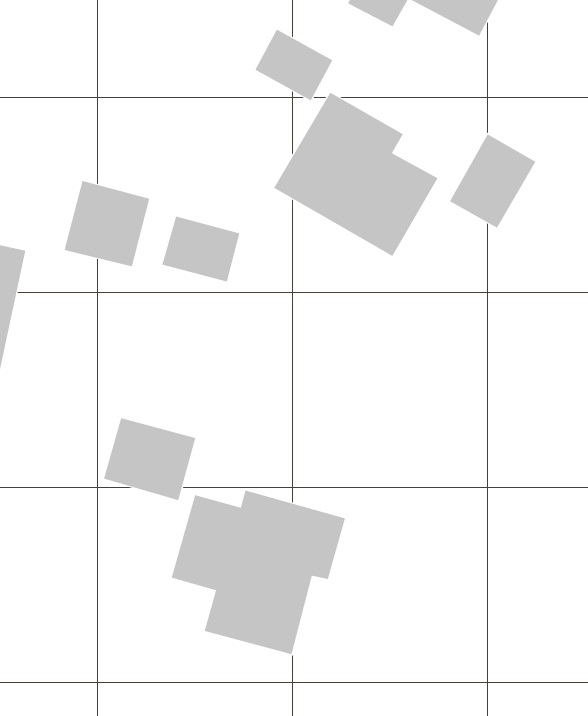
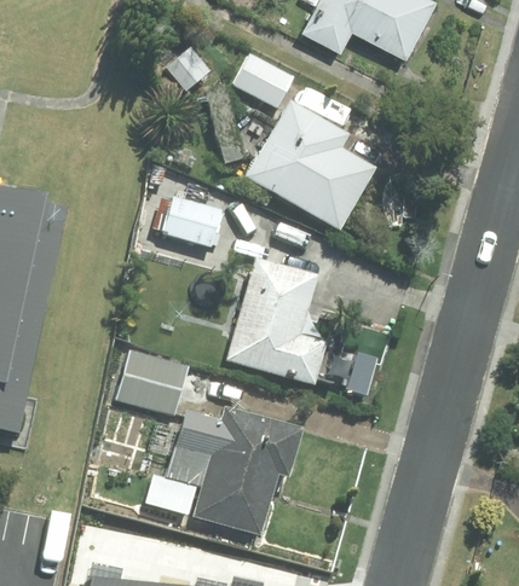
building: [449,133,536,229] -> none
building: [64,180,150,267] -> none
building: none -> [227,259,327,384]

